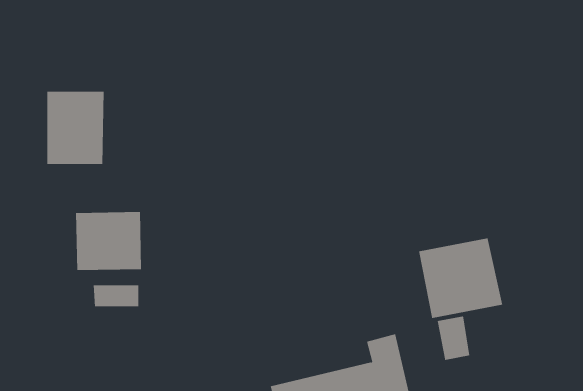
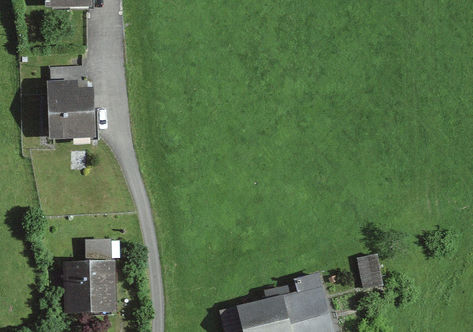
building: [75,212,142,271] -> [63,262,115,308]
building: [419,237,503,319] -> none

